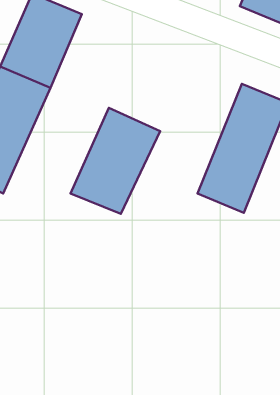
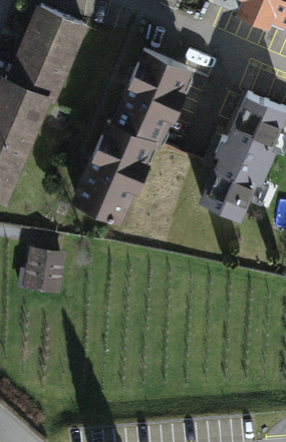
building: none -> [112,45,197,139]
building: none -> [20,249,62,294]

